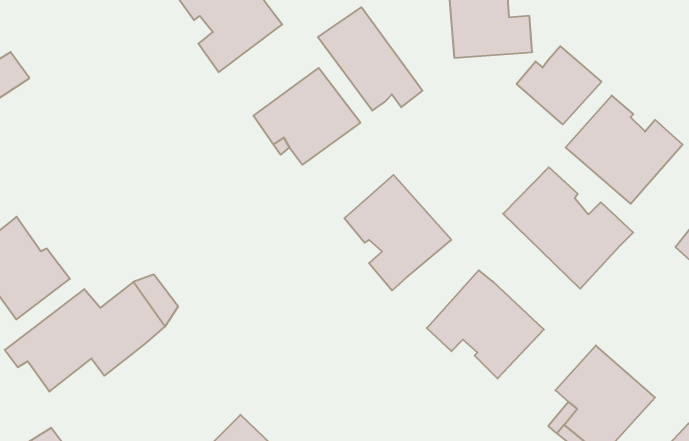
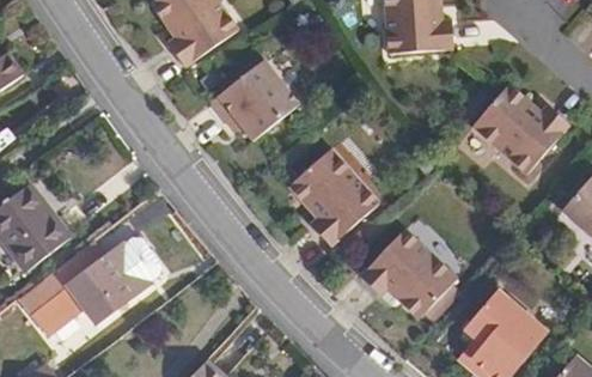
building: [318,7,422,111] -> none
building: [517,46,601,124] -> none
building: [503,167,633,289] -> none

